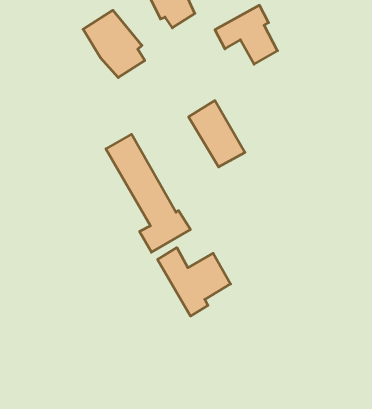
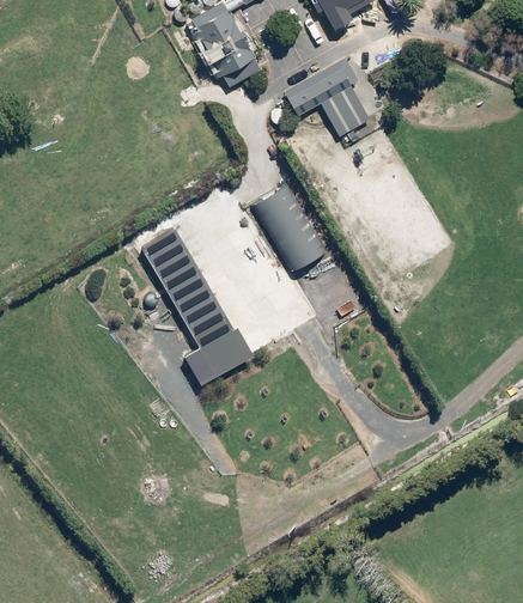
building: [83,10,145,78] -> none
building: [158,248,231,316] -> none

